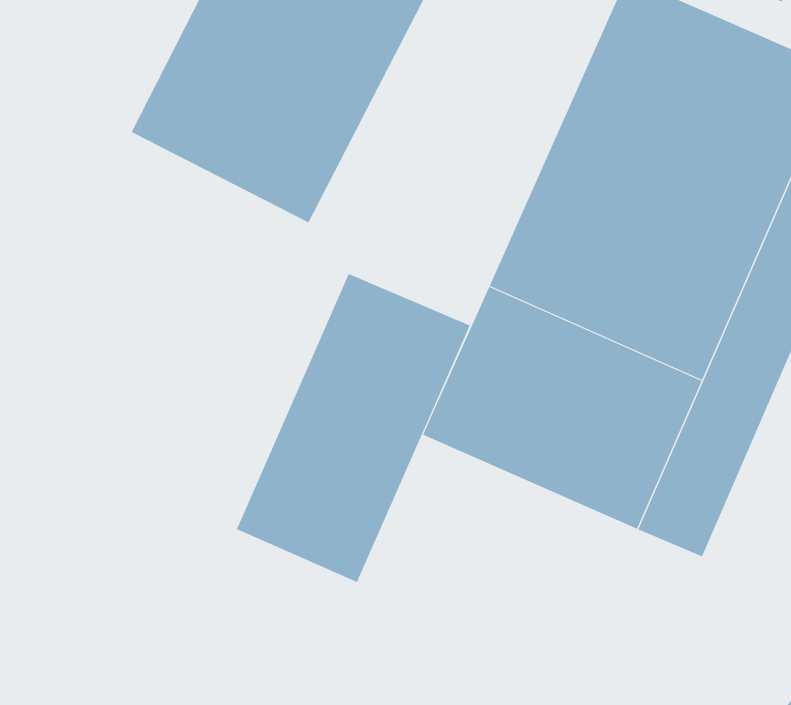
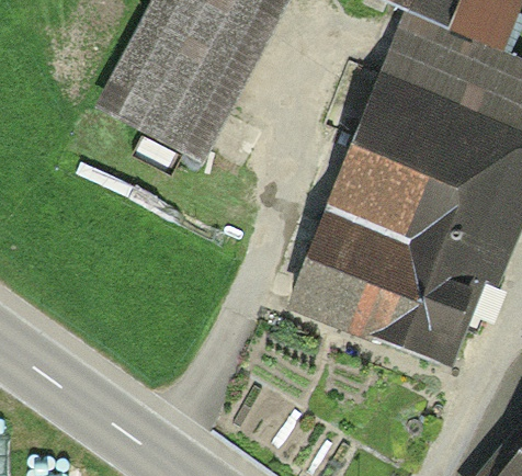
building: [236,273,470,583] -> none

